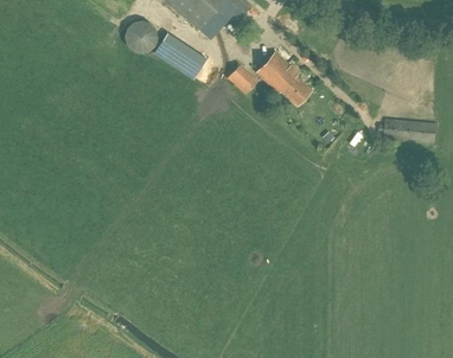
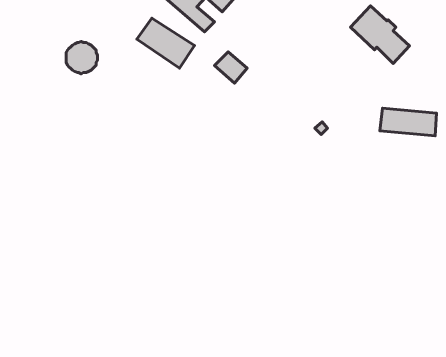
building: [129,21,159,52] -> [66,41,97,74]
building: [256,52,312,107] -> [351,6,409,63]

